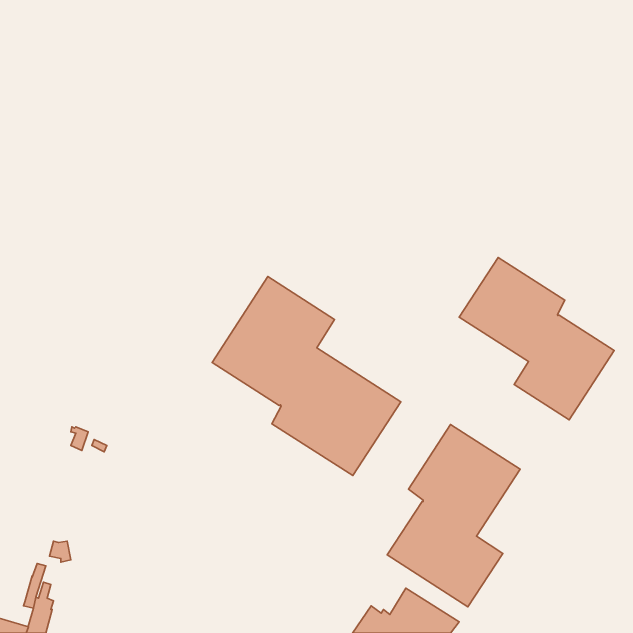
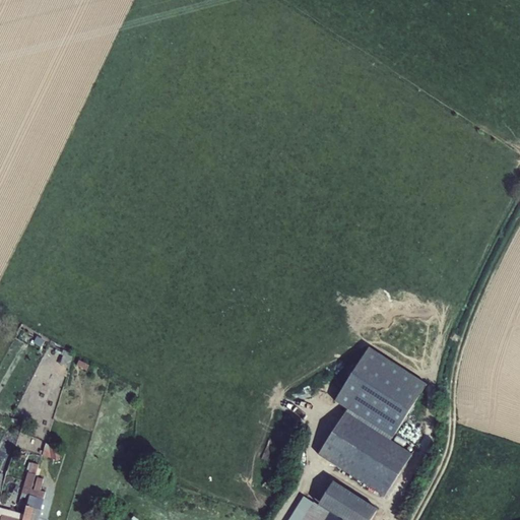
building: [459,257,614,420] -> none
building: [212,277,401,475] -> none

